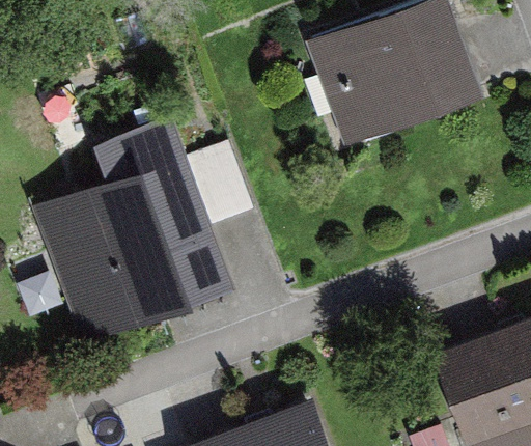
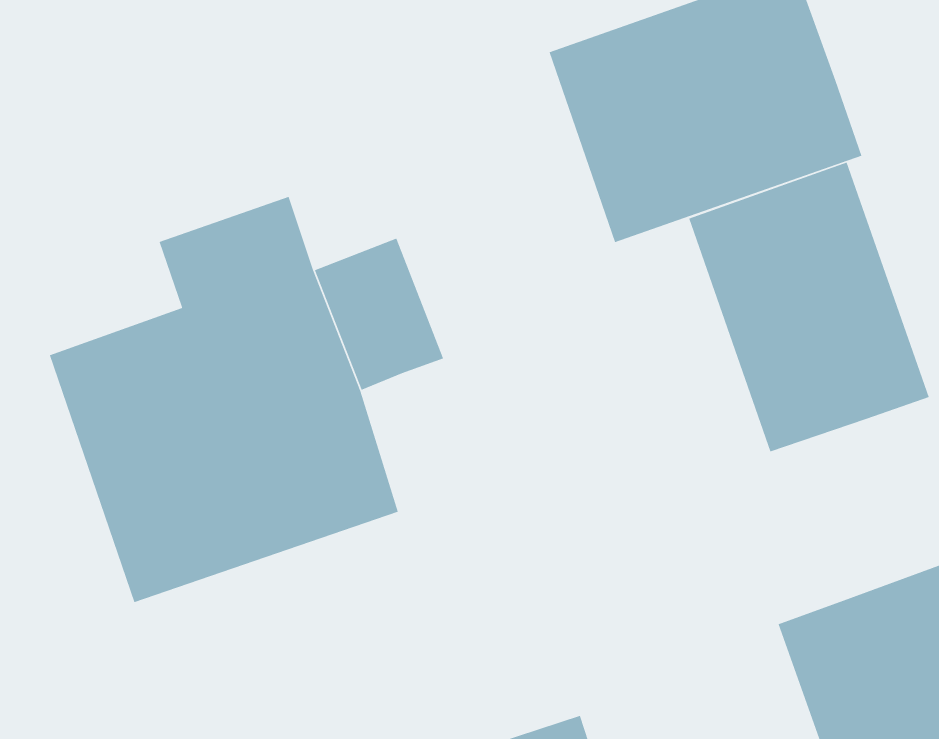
building: none -> [688,161,930,453]

